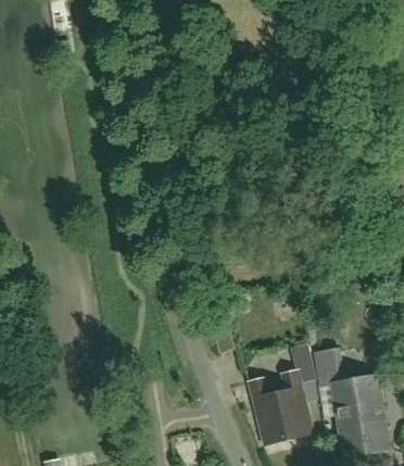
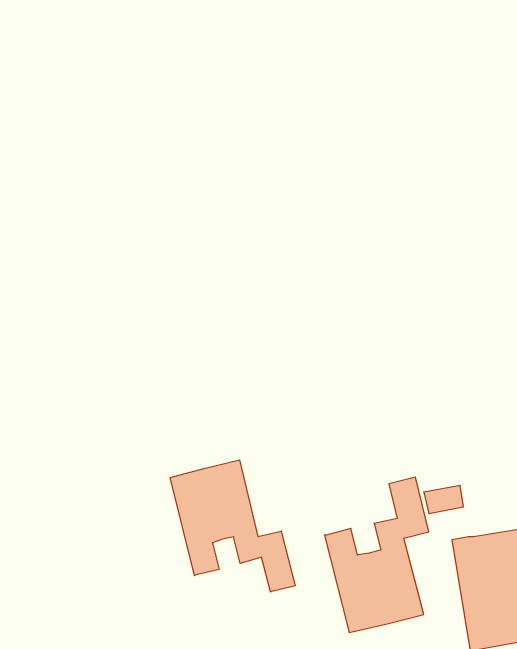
building: none -> [170,460,295,592]

